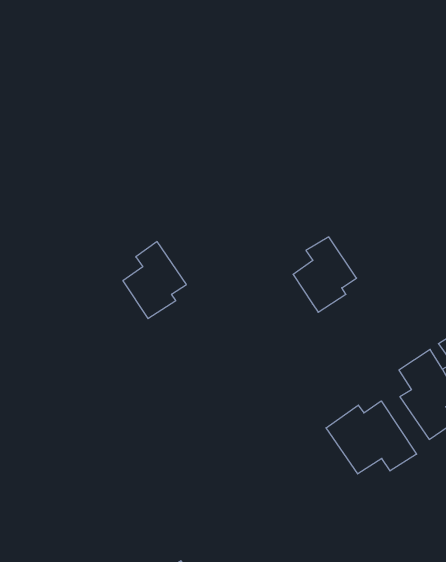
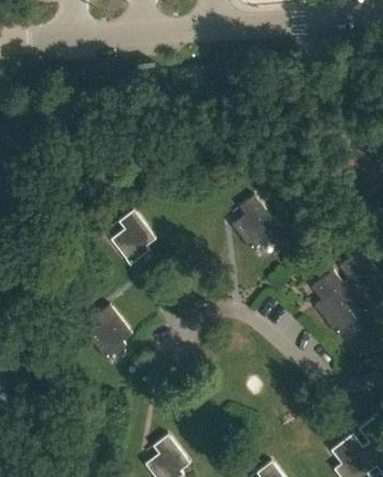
building: none -> [87,304,132,360]
building: [326,401,417,474] -> none

